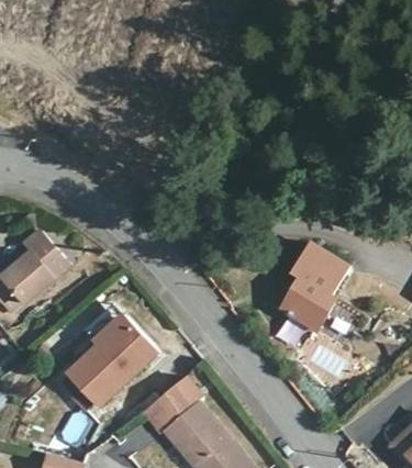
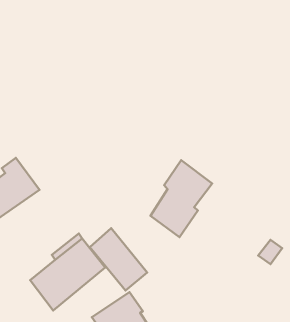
building: [281,242,350,332] -> [150,160,212,237]
building: none -> [90,228,147,290]

